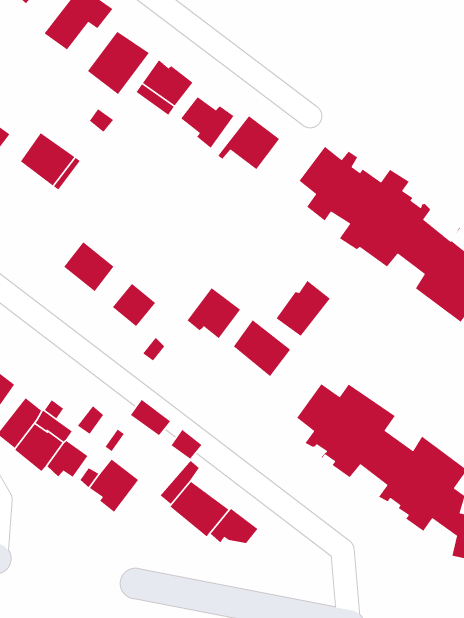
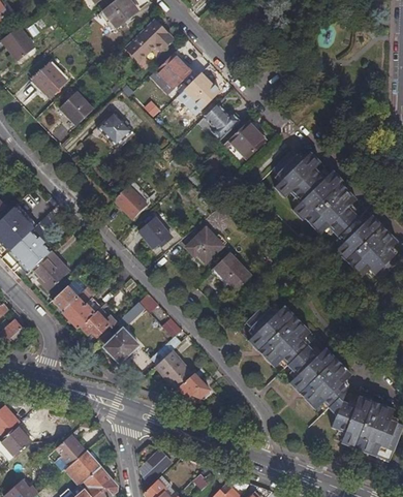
building: [275,280,331,337] -> none

